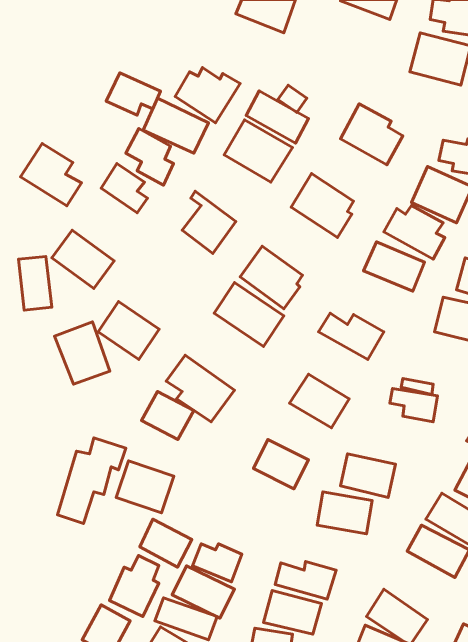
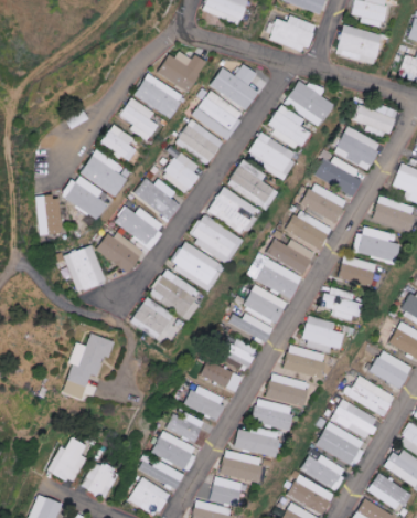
building: none -> [268,15,314,54]
building: [106,73,160,115] -> none
building: none -> [264,106,304,149]
building: [20,144,81,206] -> [77,150,124,198]
building: none -> [175,119,224,166]
building: none -> [224,162,274,211]
building: none -> [133,179,180,221]
building: none -> [115,207,165,247]
building: none -> [286,209,331,251]
building: none -> [168,243,220,287]
building: none -> [248,255,302,298]
building: none -> [334,255,374,287]
building: none -> [227,314,274,342]
building: none -> [300,317,341,350]
building: [116,461,174,513] -> none
building: none -> [200,361,243,392]
building: [140,519,192,567] -> [186,384,226,421]
building: none -> [249,399,291,431]
building: none -> [316,422,367,467]
building: [110,555,159,616] -> [51,437,88,484]

